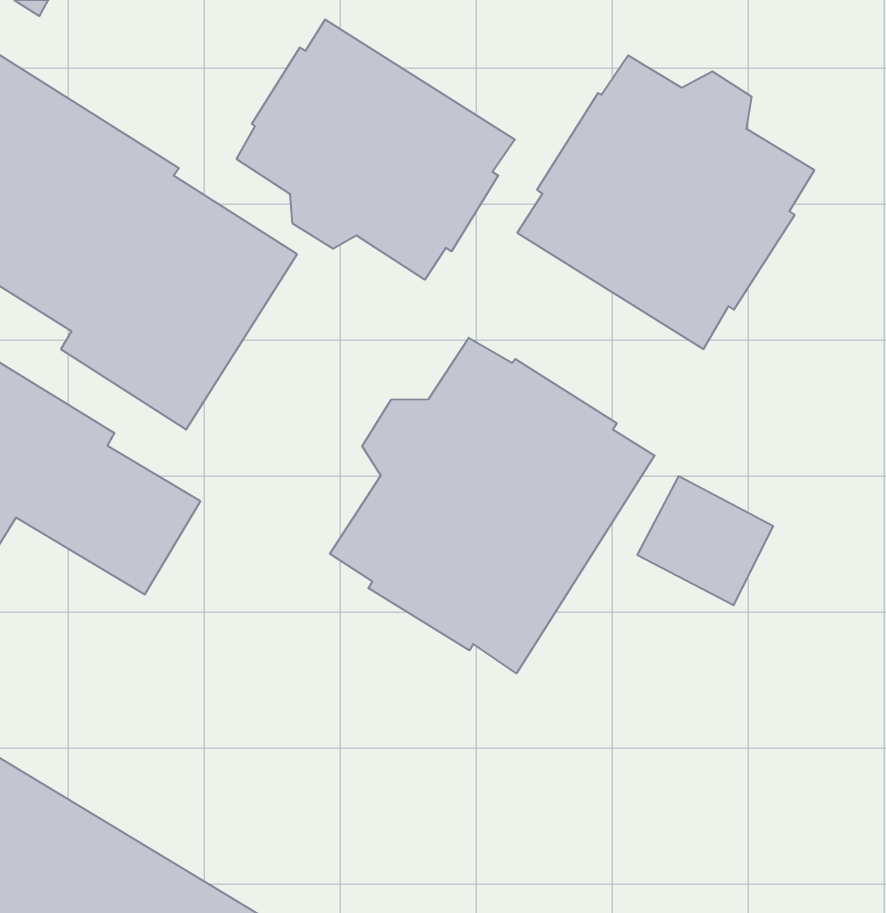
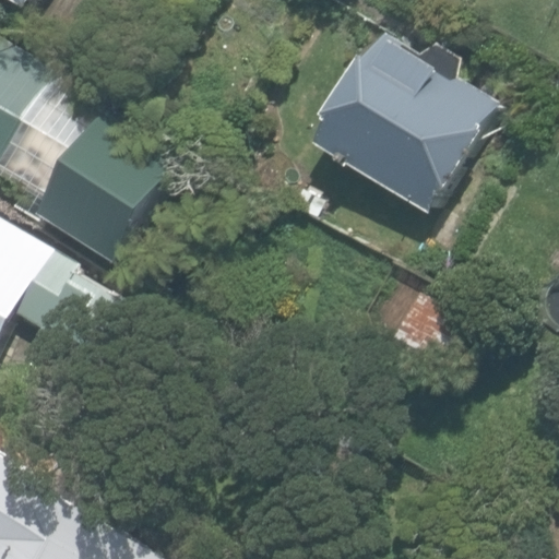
building: [237,19,515,280] -> none
building: [330,338,655,673] -> none

